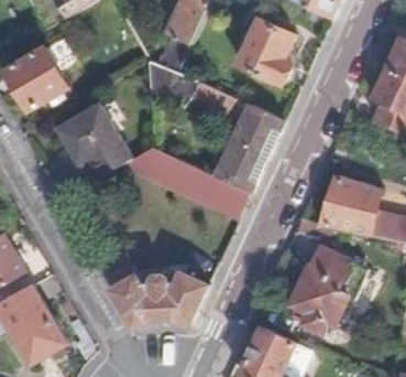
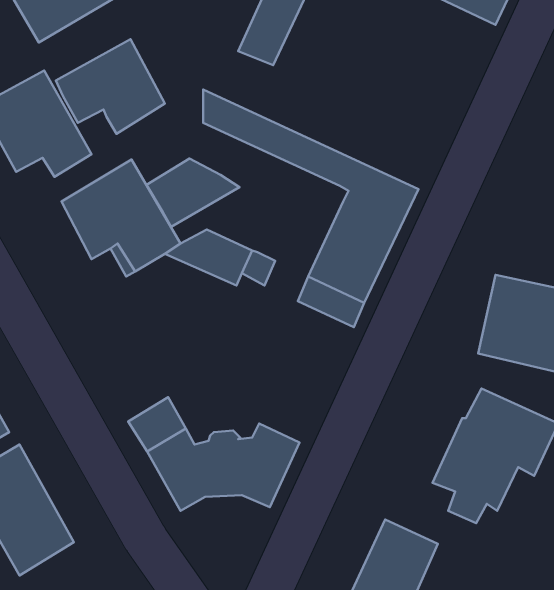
building: [237,18,294,83] -> none
building: none -> [56,39,165,134]
building: none -> [146,158,240,227]

